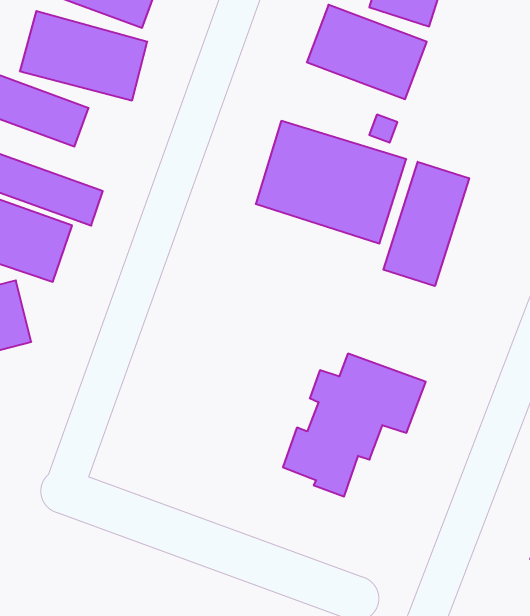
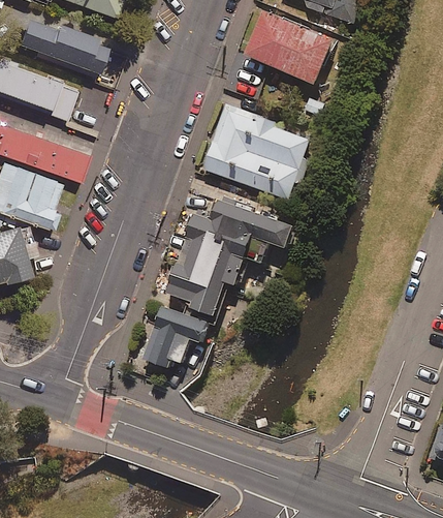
building: [383,162,469,286] -> none
building: [283,354,426,497] -> [162,197,278,313]
building: none -> [140,305,204,370]

